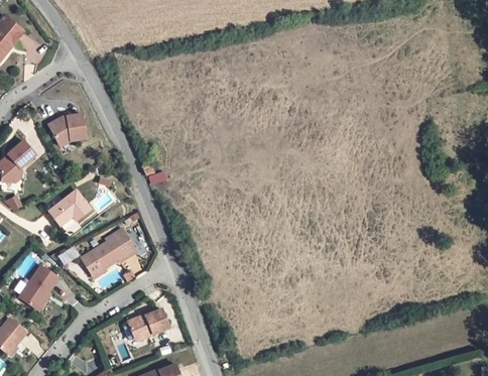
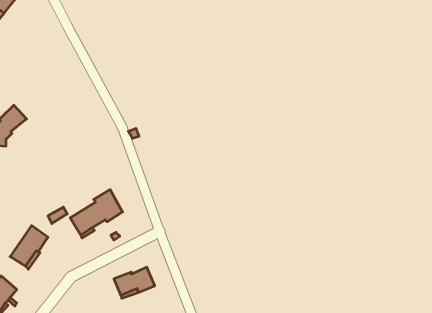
building: [48,114,86,144] -> none
building: [48,190,91,225] -> none

